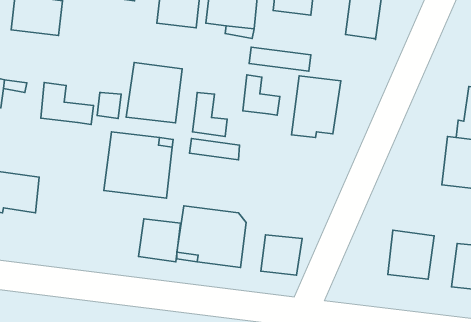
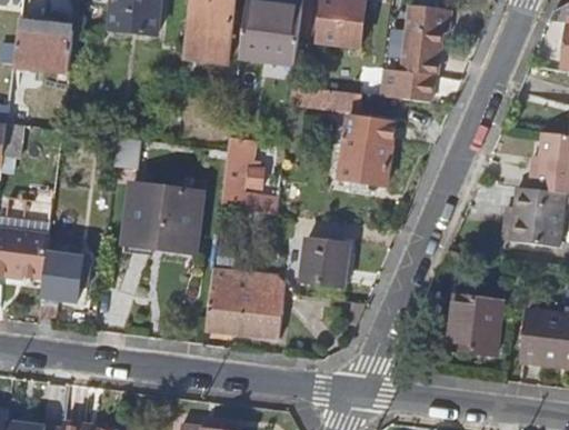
building: none -> [380,69,433,103]
building: [126,62,182,123] -> none
building: [243,75,280,115] -> none
building: [41,83,94,124] -> none
building: none -> [42,251,84,299]
building: [139,219,180,262] -> none
building: [261,235,302,275] -> [301,241,349,288]

